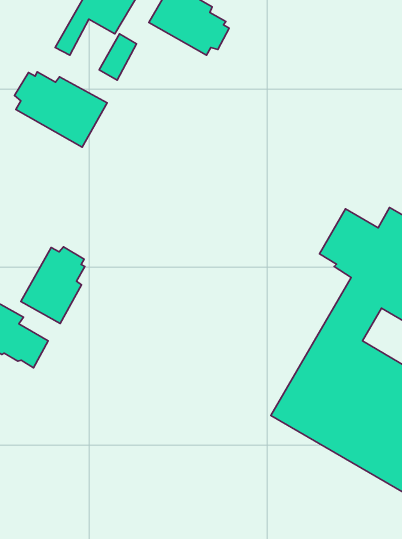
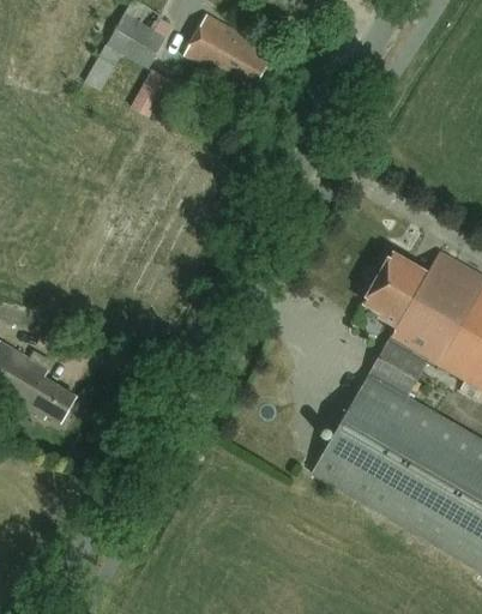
building: [15,72,107,147] -> none
building: [21,247,85,324] -> none

